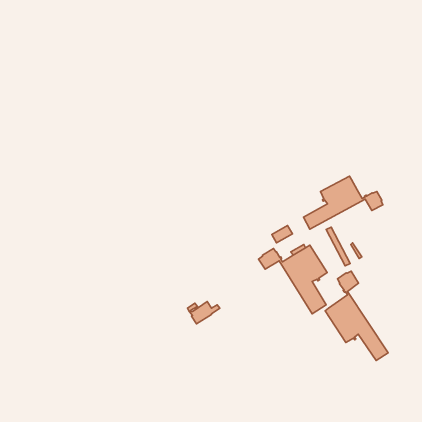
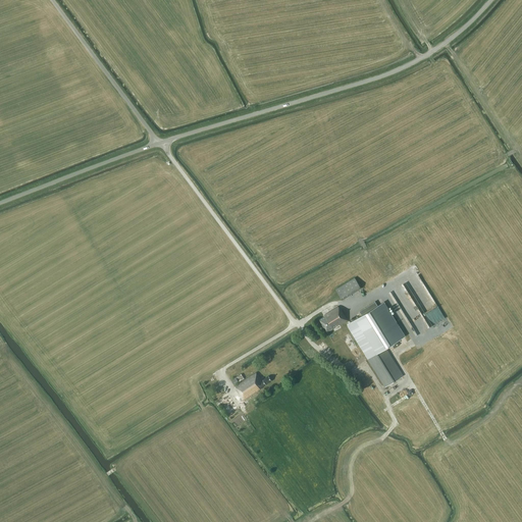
building: [303,176,383,229] -> none
building: [325,271,388,360] -> none

